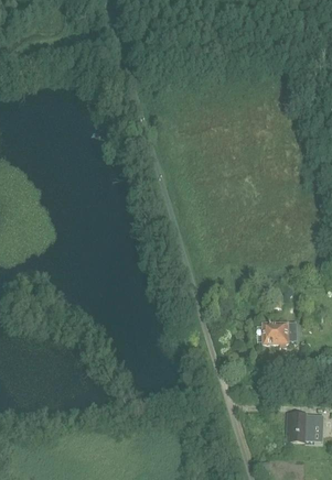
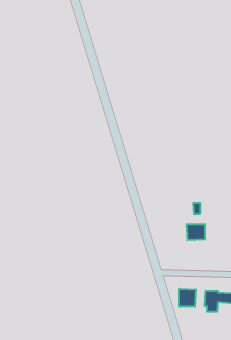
building: none -> [179,289,196,307]

